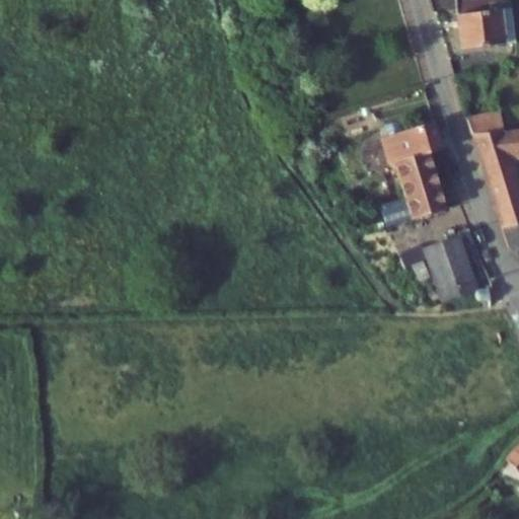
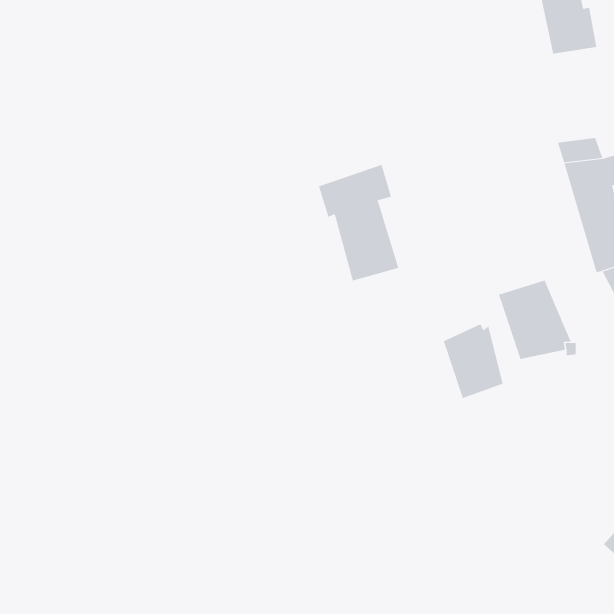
building: [381,122,449,220] -> [318,164,399,281]
building: none -> [443,323,503,399]

